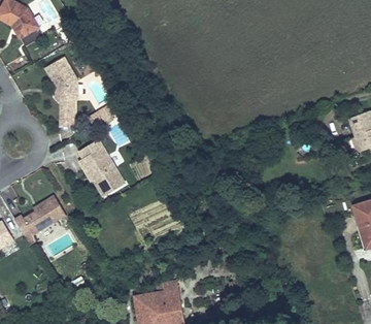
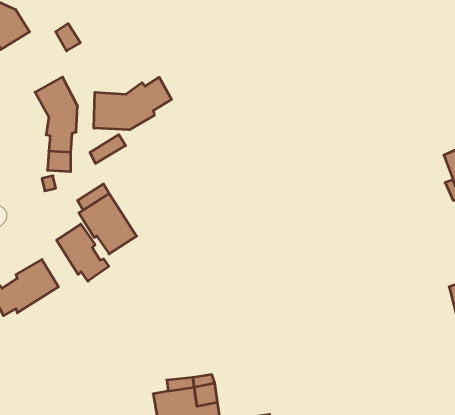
building: none -> [94,77,172,130]
building: none -> [57,224,109,281]

